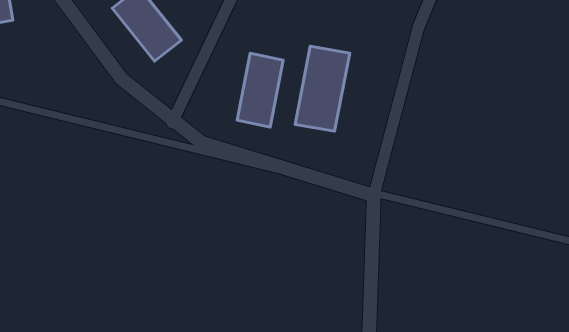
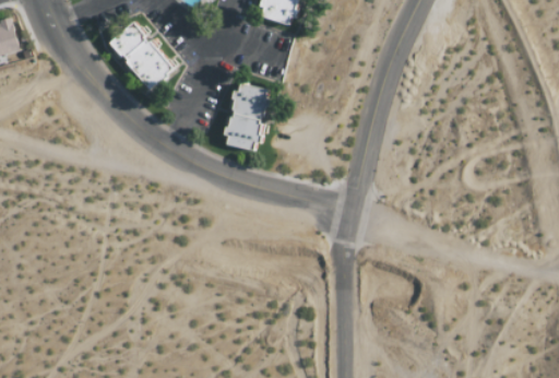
building: [295,46,350,131] -> none

